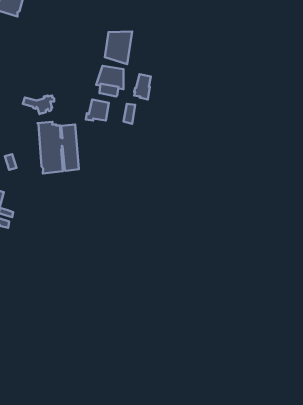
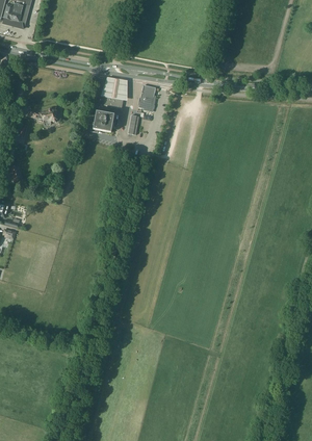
building: [105,32,132,64] -> none
building: [38,122,79,173] -> none

